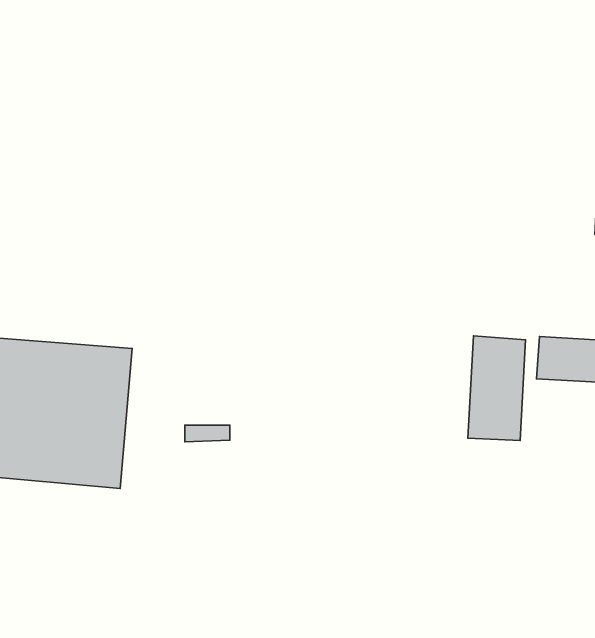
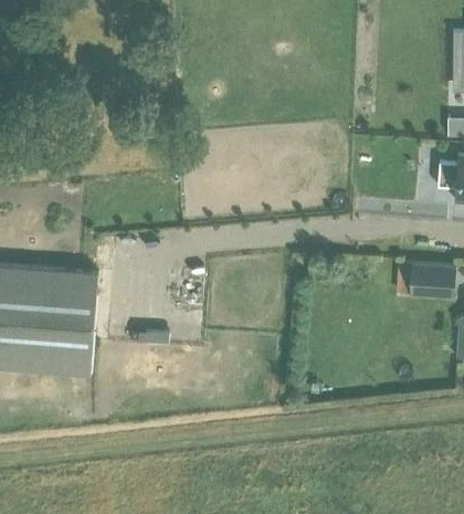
building: [468,336,526,440] -> none

